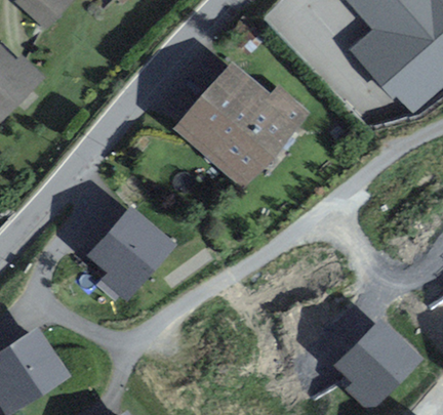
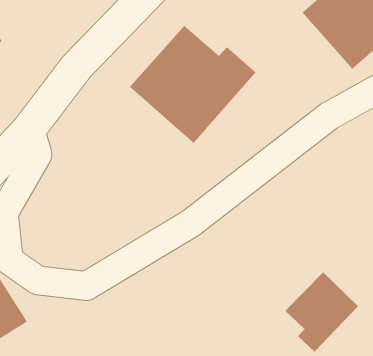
building: [88,207,175,301] -> none

